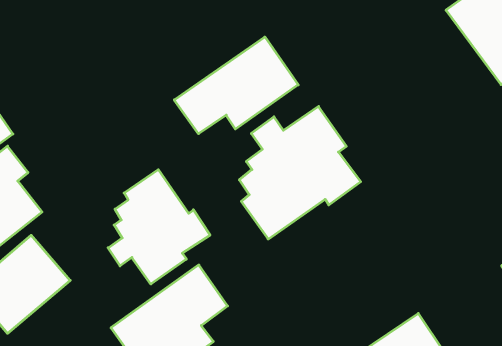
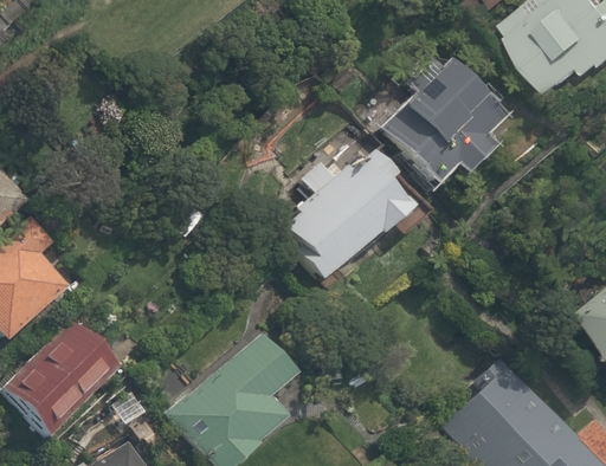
building: [174,37,298,134] -> none
building: none -> [385,64,510,194]
building: [108,170,210,284] -> none

